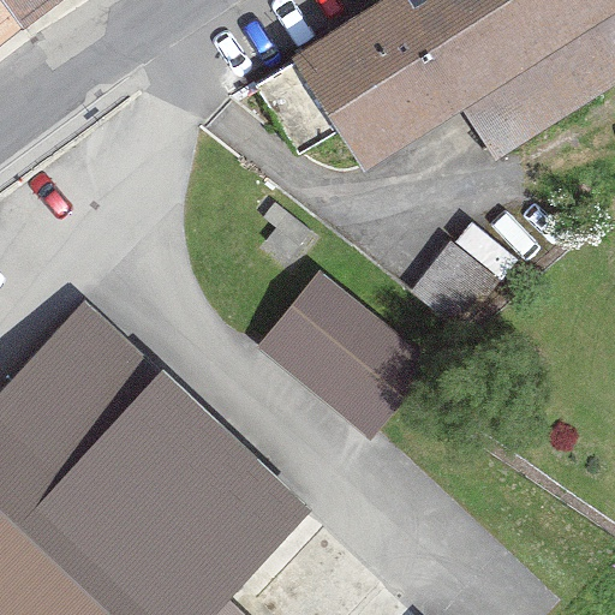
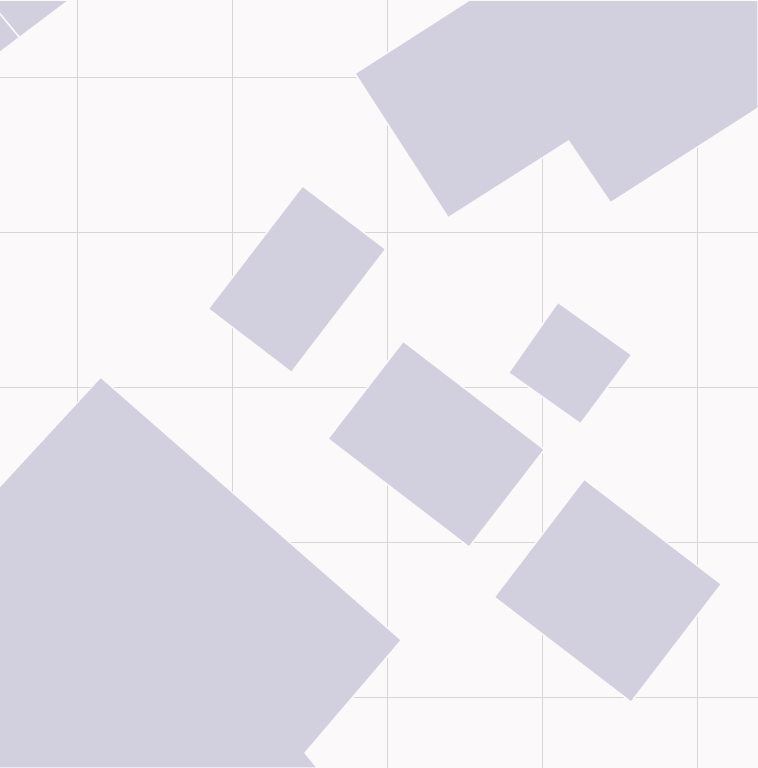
building: none -> [208,186,386,372]
building: none -> [494,479,721,702]

